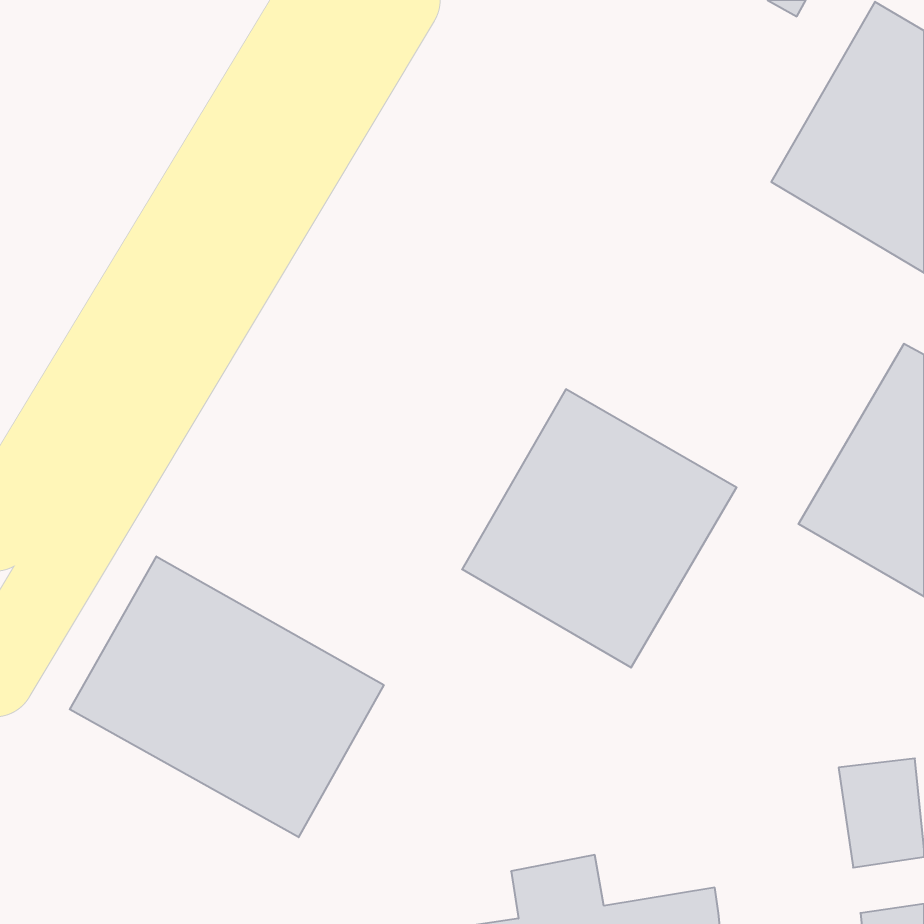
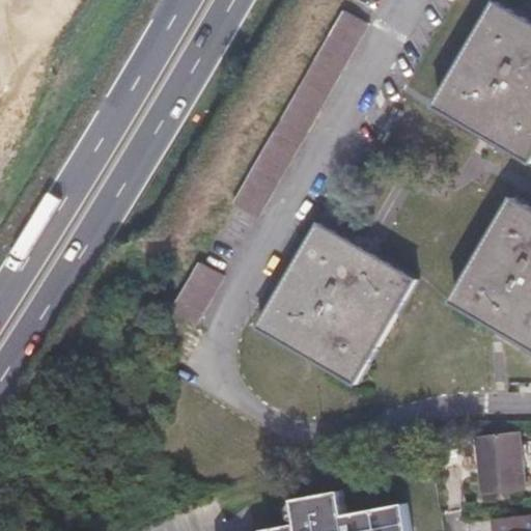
building: none -> [228,12,362,217]
building: none -> [165,266,218,327]
building: [70,556,384,837] -> none

